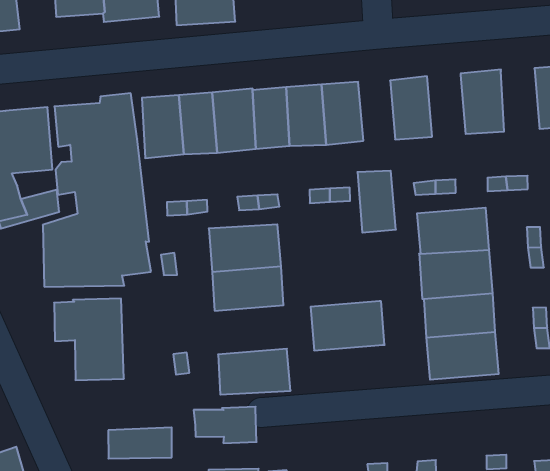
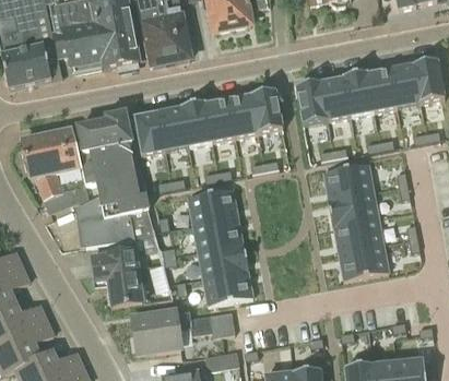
building: none -> [368,67,398,110]
building: [357,171,396,233] -> [320,76,350,119]
building: [311,301,385,350] -> [198,240,249,277]
building: none -> [133,309,193,335]

